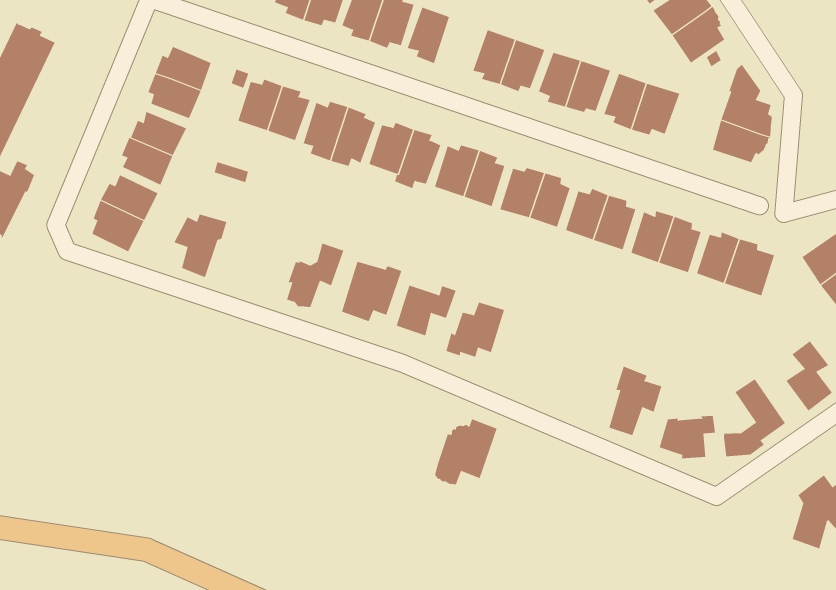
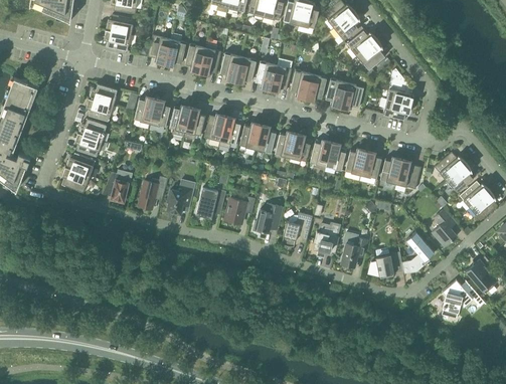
building: none -> [234,56,257,83]
building: none -> [138,177,167,210]
building: none -> [314,224,340,257]
building: [434,419,498,485] -> [282,212,313,247]

